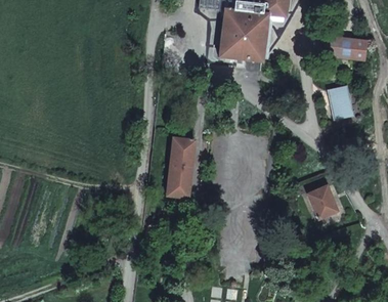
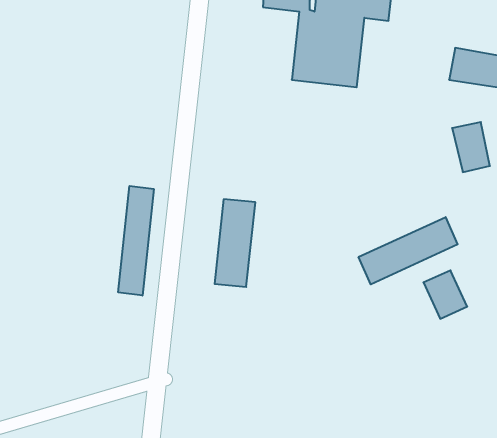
building: none -> [118,186,154,296]
building: none -> [359,217,458,284]

